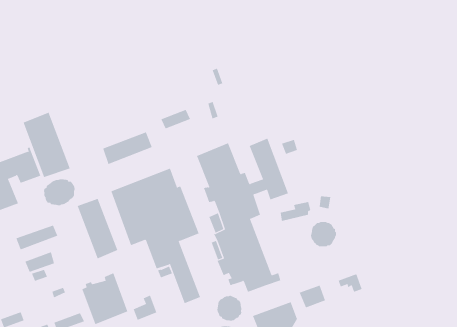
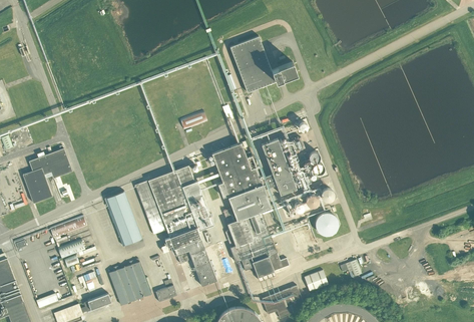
building: none -> [228,37,296,93]
building: [23,112,71,178] -> none
building: [102,132,152,165] -> none
building: [43,178,75,206] -> none
building: [217,295,242,321] -> none

